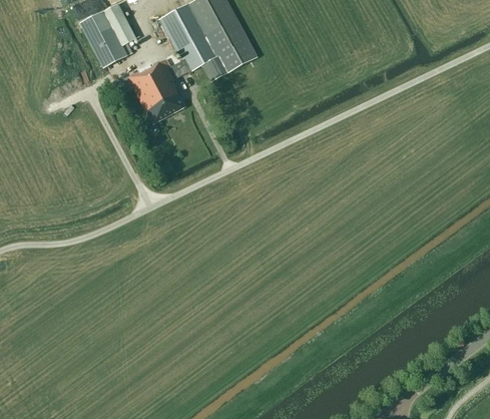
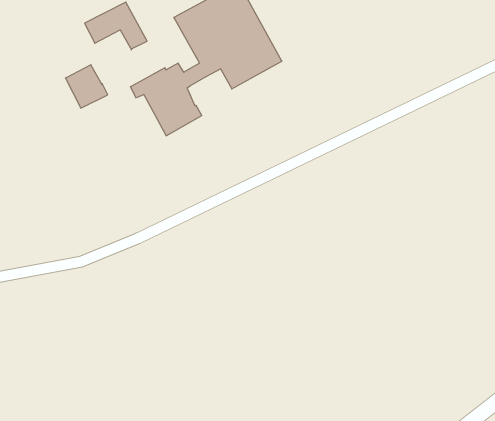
building: [89,28,127,67] -> [65,65,108,108]

